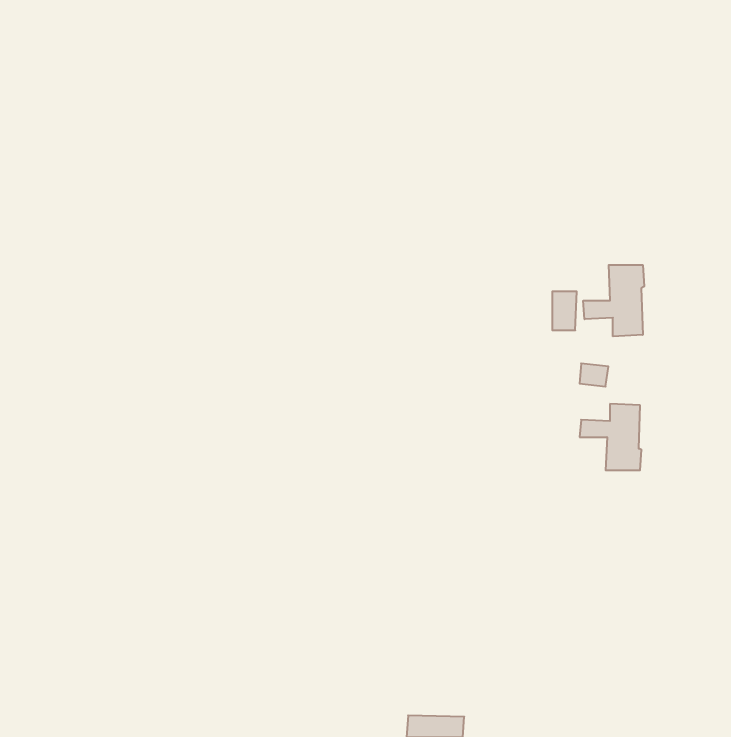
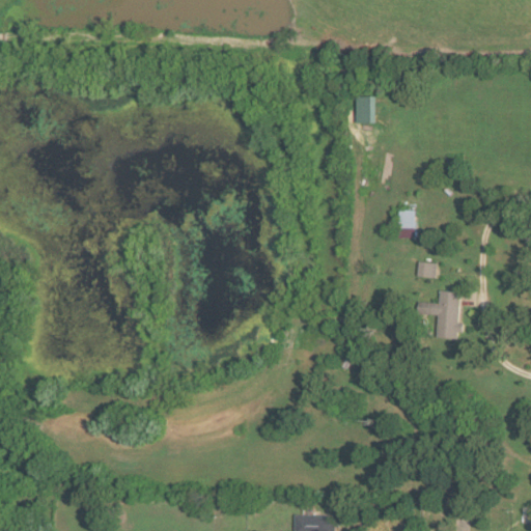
building: none -> [356,95,374,123]
building: [583,265,644,336] -> none

